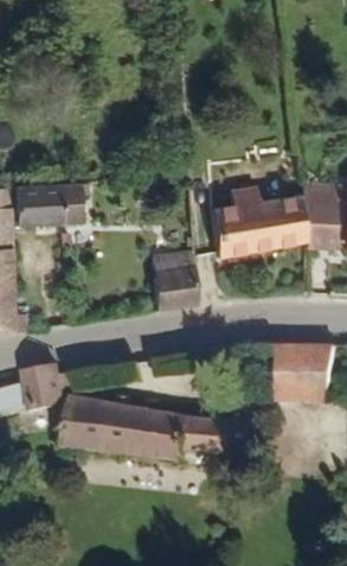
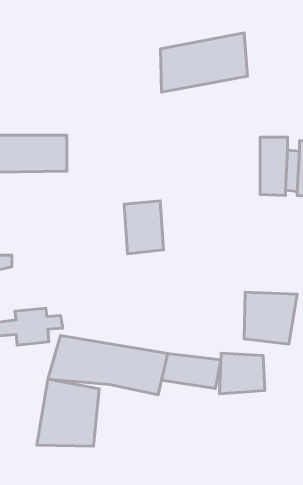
building: [199,191,296,257] -> [160,33,247,92]
building: none -> [219,353,265,394]
building: none -> [37,379,99,446]

